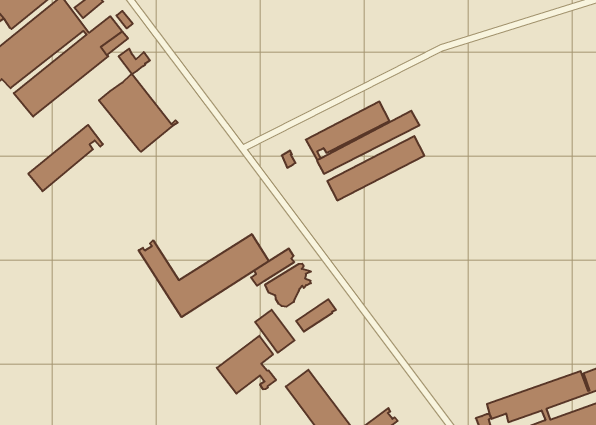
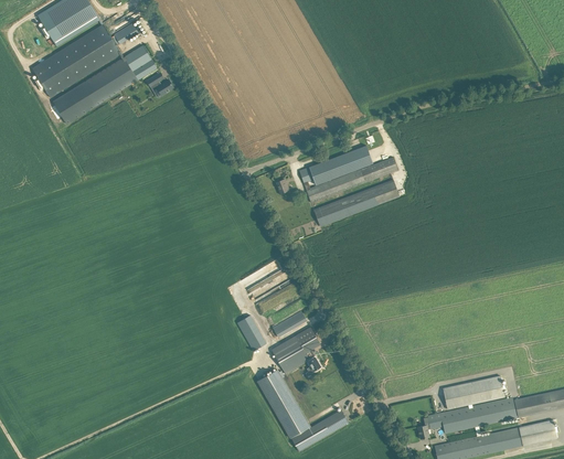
building: [99,74,178,152] -> none
building: [28,125,103,191] -> none
building: [139,234,269,317] -> none
building: [217,336,276,394] -> [270,327,320,374]
building: none -> [441,375,506,409]

